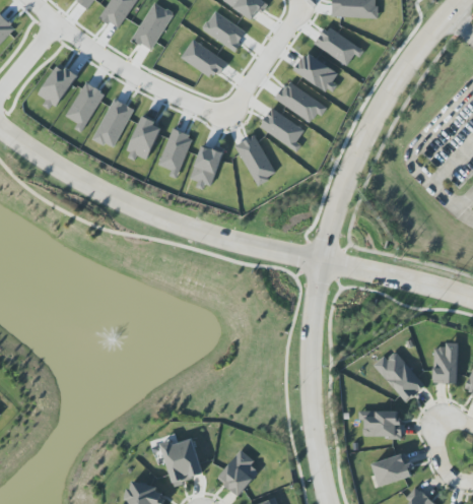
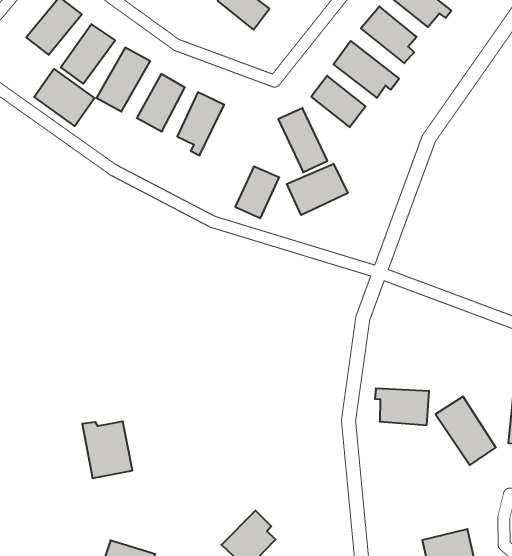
building: none -> [34,69,95,126]
building: [191,145,223,185] -> [235,166,279,218]
building: none -> [287,164,348,215]
building: [359,411,401,437] -> [375,388,429,425]
building: [161,438,203,484] -> [82,421,132,478]

